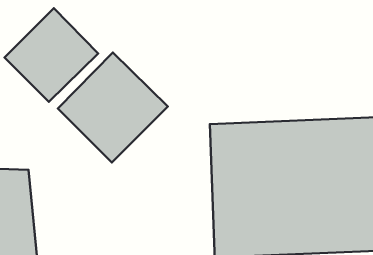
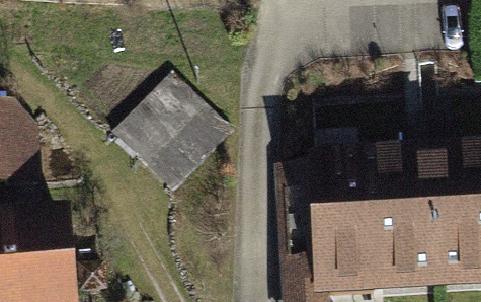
building: [4,8,98,102] -> none

